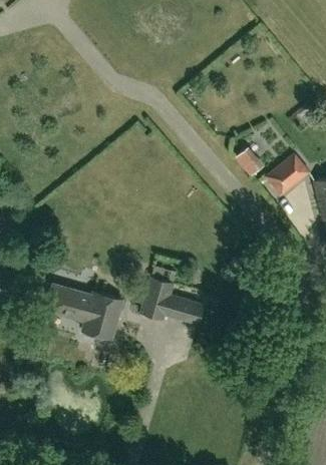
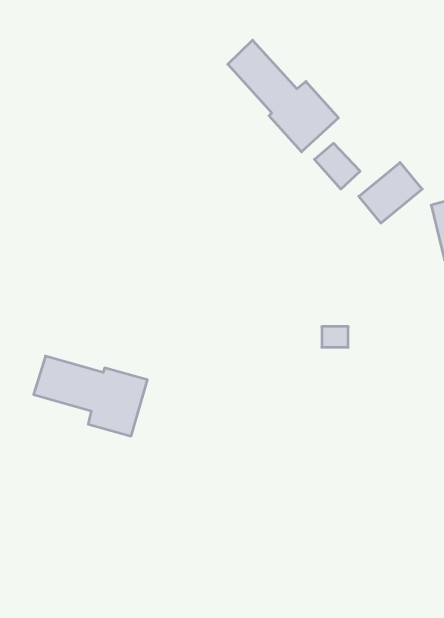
building: none -> [228,40,338,152]
building: [139,269,203,326] -> none

